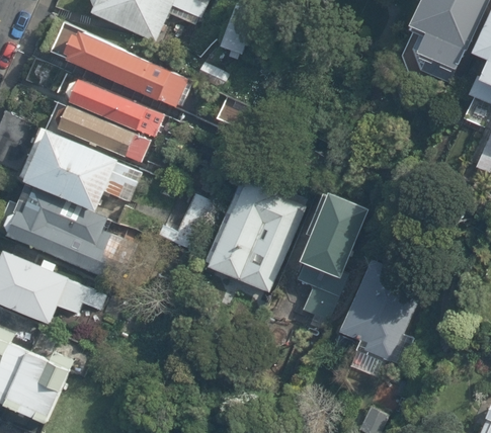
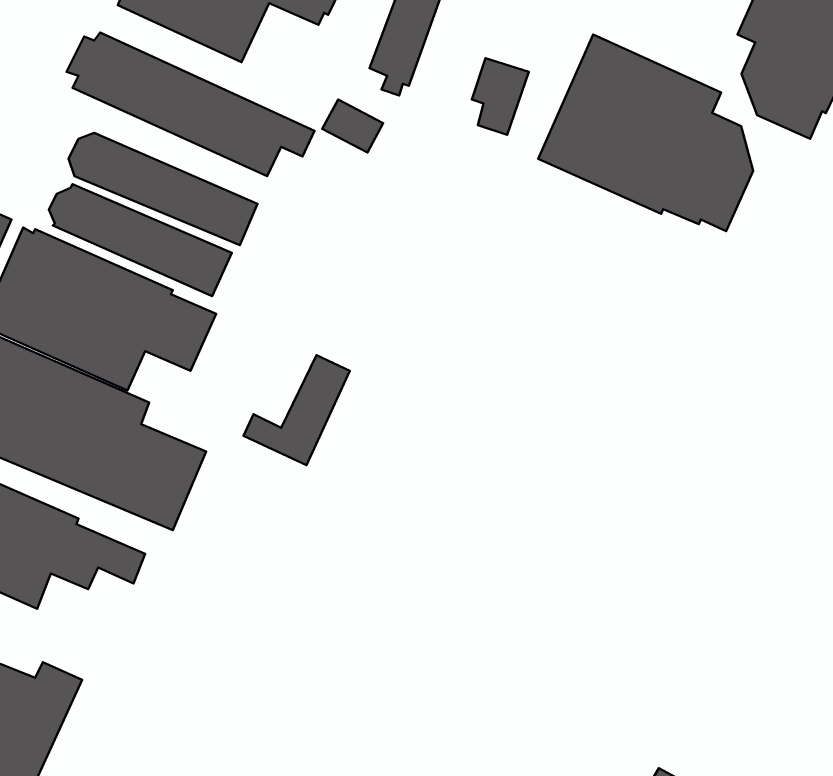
building: none -> [538,35,753,231]
building: [203,172,306,292] -> none
building: [284,189,376,322] -> none
building: [339,258,424,363] -> none

